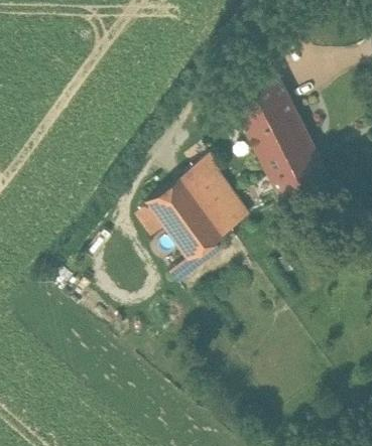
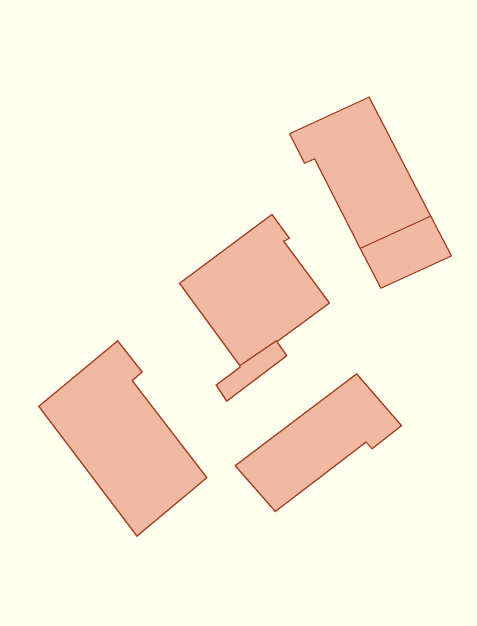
building: none -> [39,341,207,536]
building: none -> [235,374,402,512]

